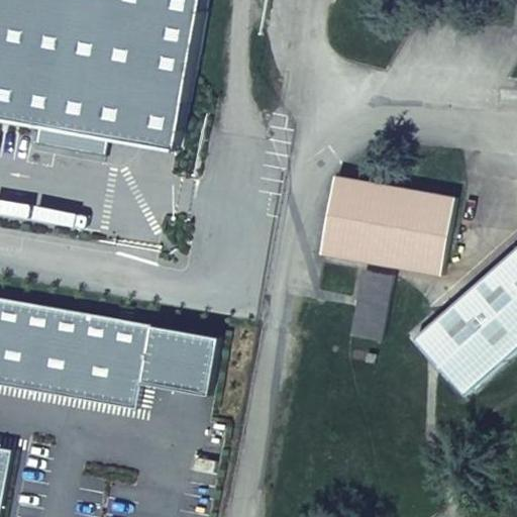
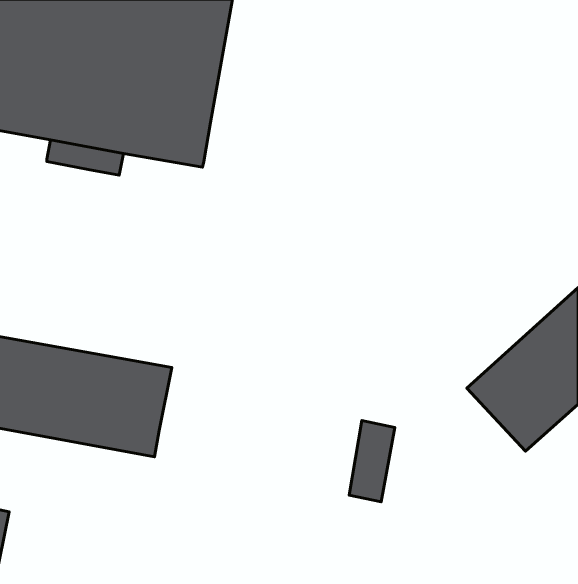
building: [321,179,456,274] -> none
building: [350,270,391,341] -> [349,421,395,502]
building: [140,324,218,393] -> none

